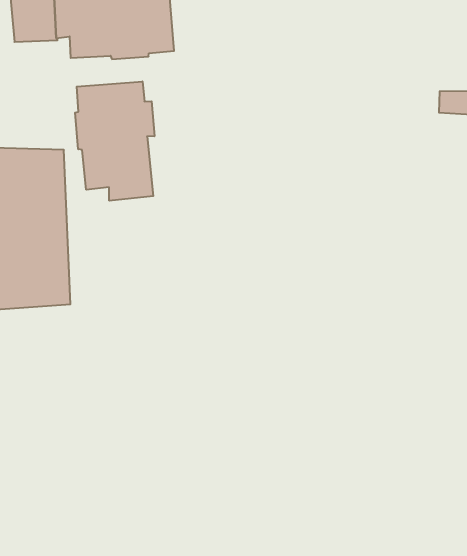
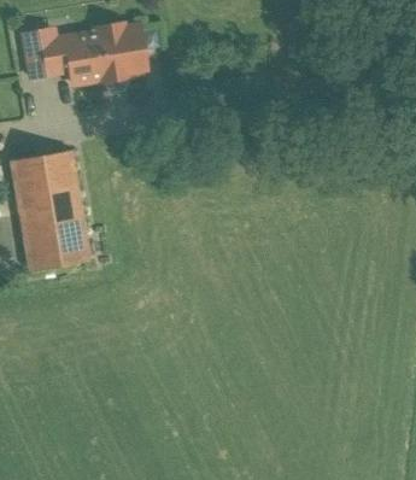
building: [75,81,154,201] -> none

